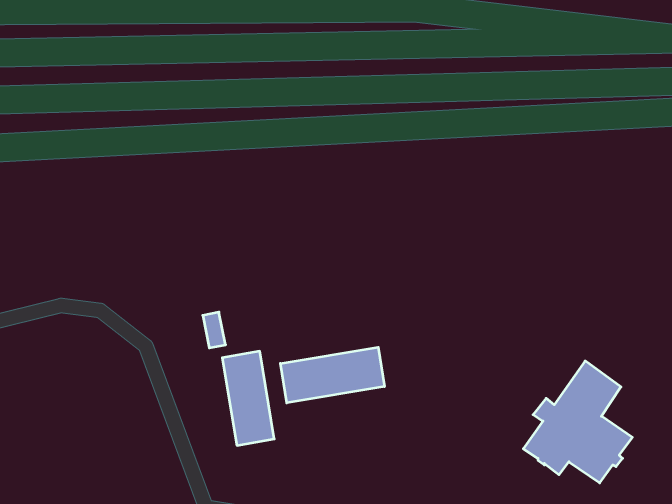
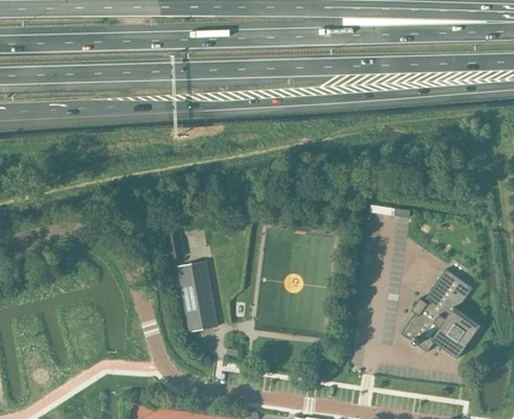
building: [280,347,384,403] -> none

